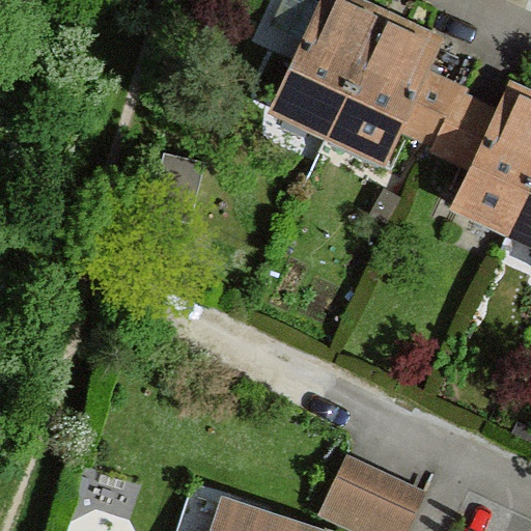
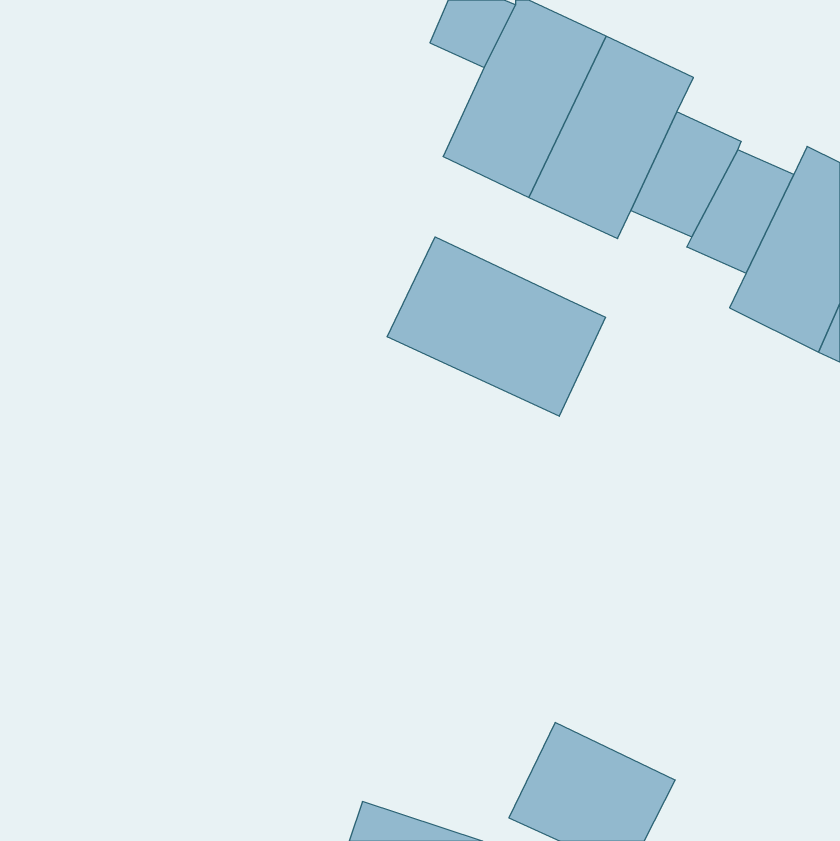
building: none -> [387,237,606,416]

